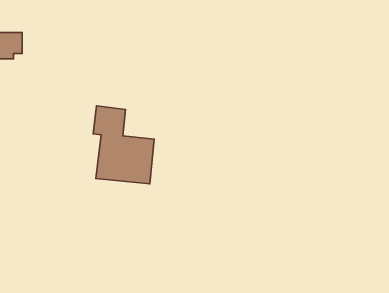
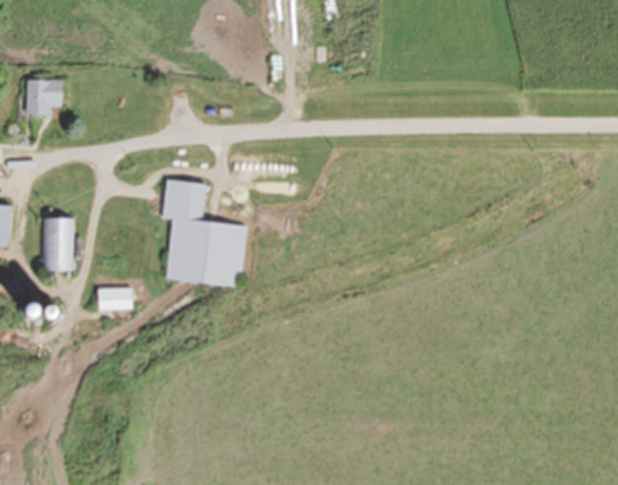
building: none -> [41,218,71,269]
building: none -> [98,287,133,309]

